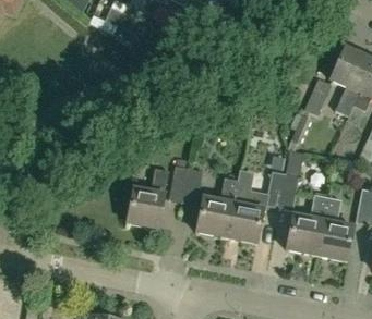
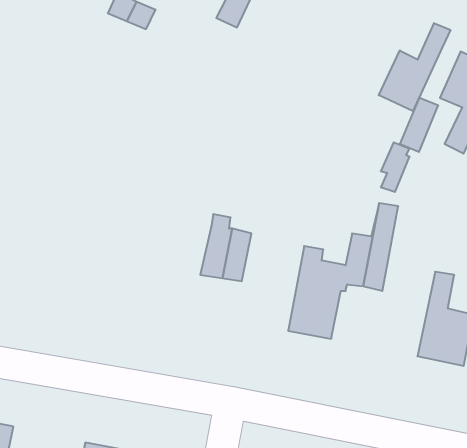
building: none -> [379,23,450,111]
building: [128,167,170,226] -> none
building: [197,175,239,236] -> none
building: [287,194,328,254] -> none

